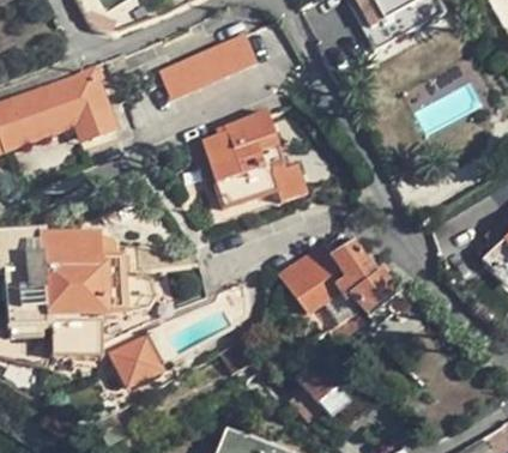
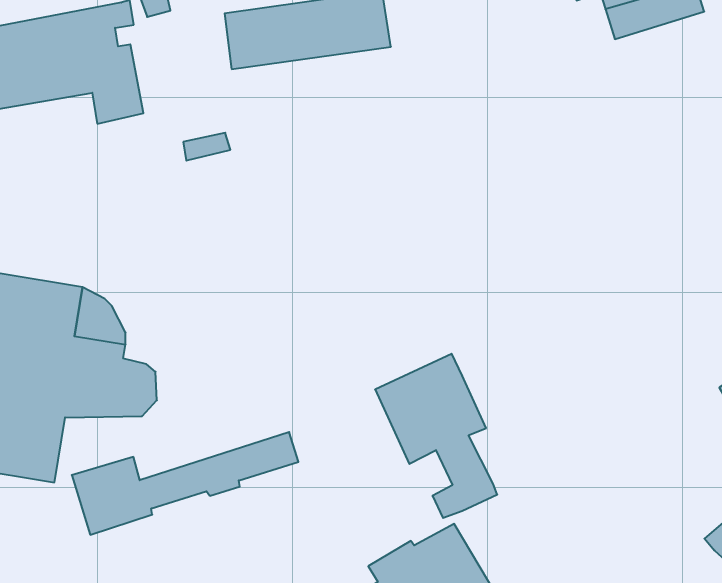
building: [190,109,307,207] -> none
building: [333,242,395,315] -> none

